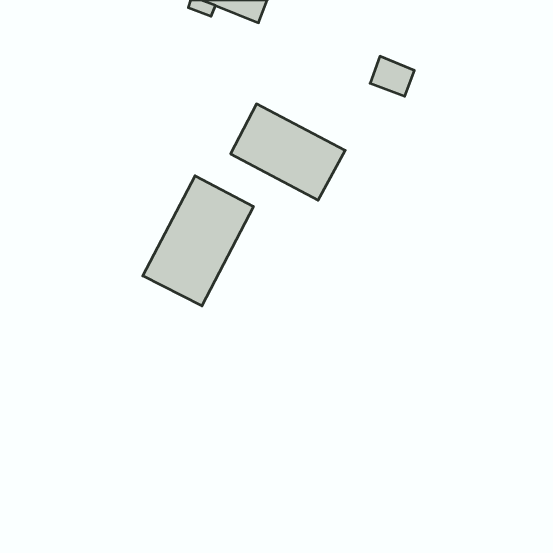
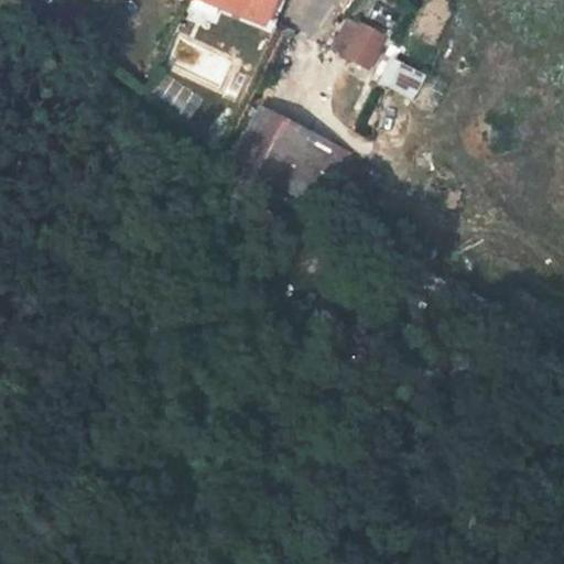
building: none -> [329,18,386,70]
building: [143,176,253,306] -> none

